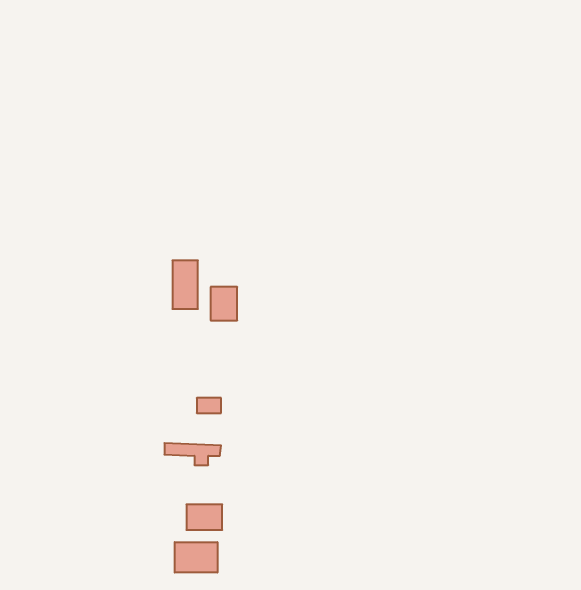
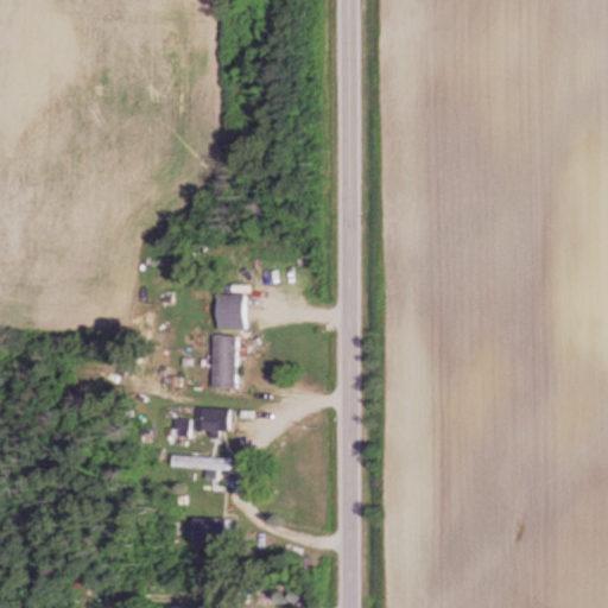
building: [172,260,198,309] -> [209,337,235,387]
building: [175,542,217,573] -> none

